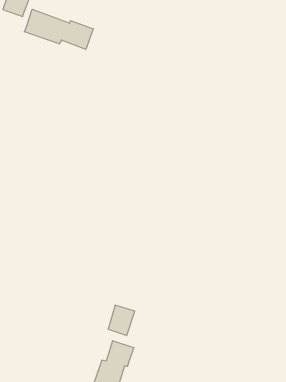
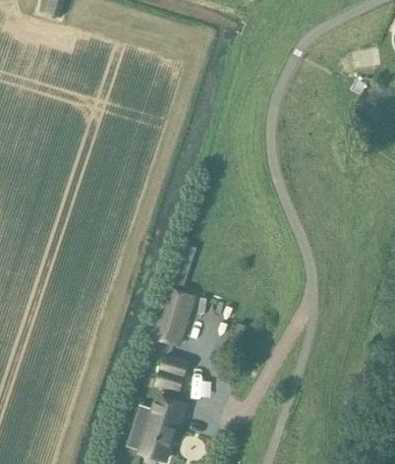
building: [24,9,93,49] -> none
building: none -> [153,289,194,345]

